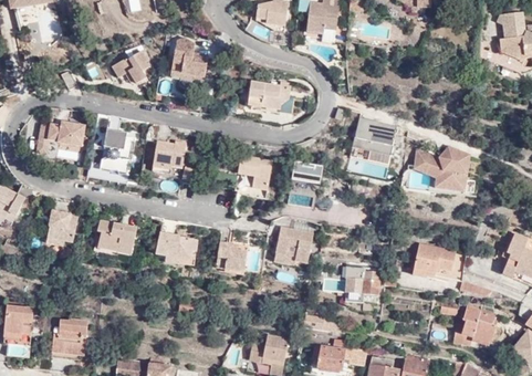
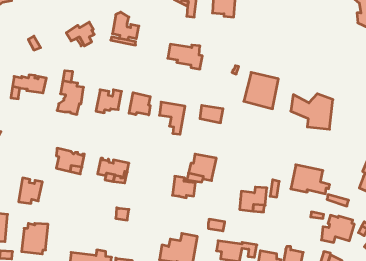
building: none -> [129,93,150,115]
building: [45,211,77,246] -> [19,178,42,203]
building: [216,241,247,270] -> [172,176,195,198]

